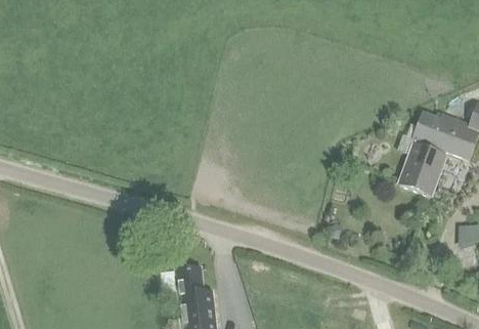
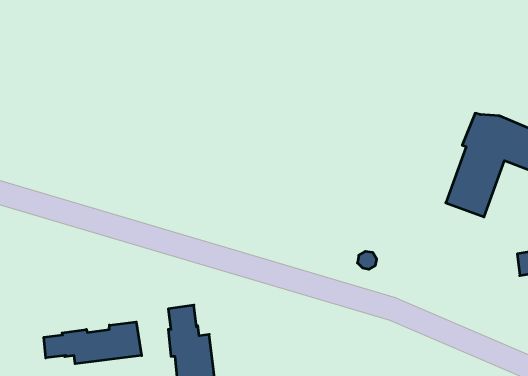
building: none -> [44,322,142,364]

